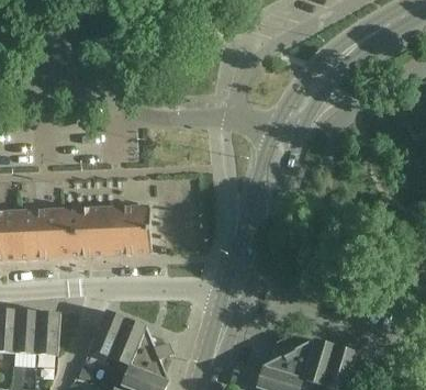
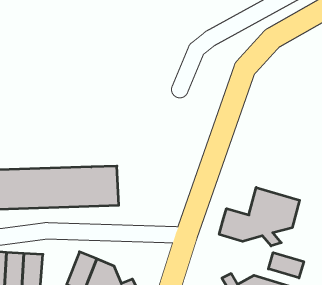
building: none -> [219,187,300,246]
building: none -> [268,253,304,278]

